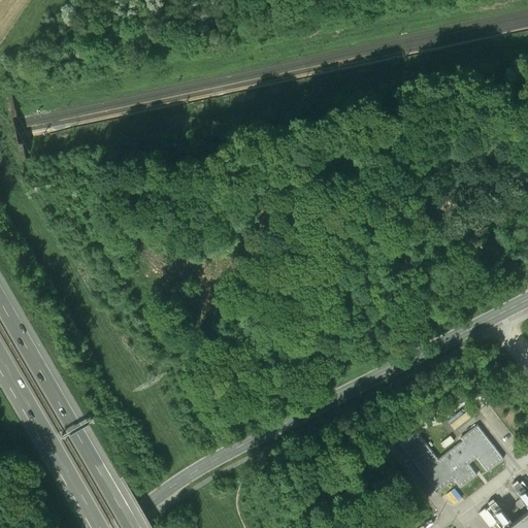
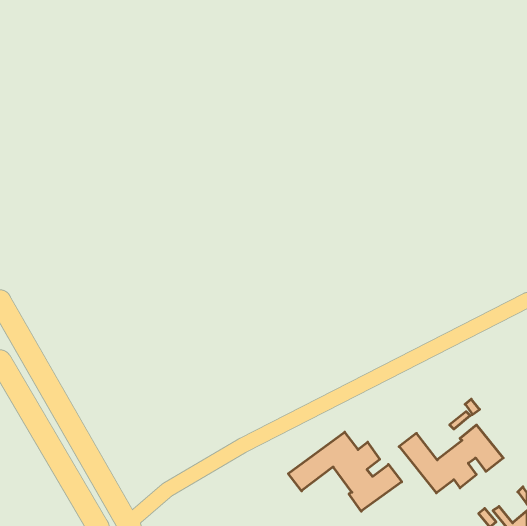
building: none -> [288,432,402,511]

